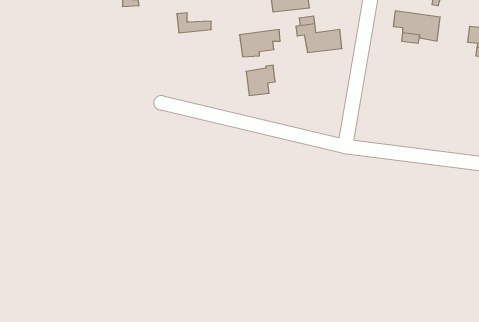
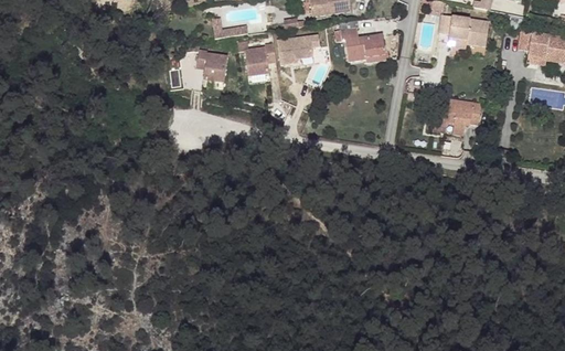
building: none -> [198,49,228,82]
building: [246,65,275,95] -> [245,44,276,76]
building: none -> [434,98,481,128]

